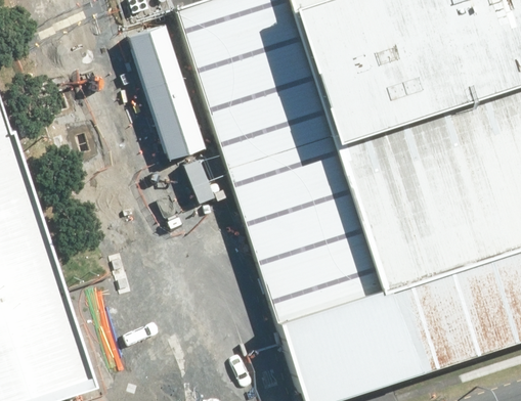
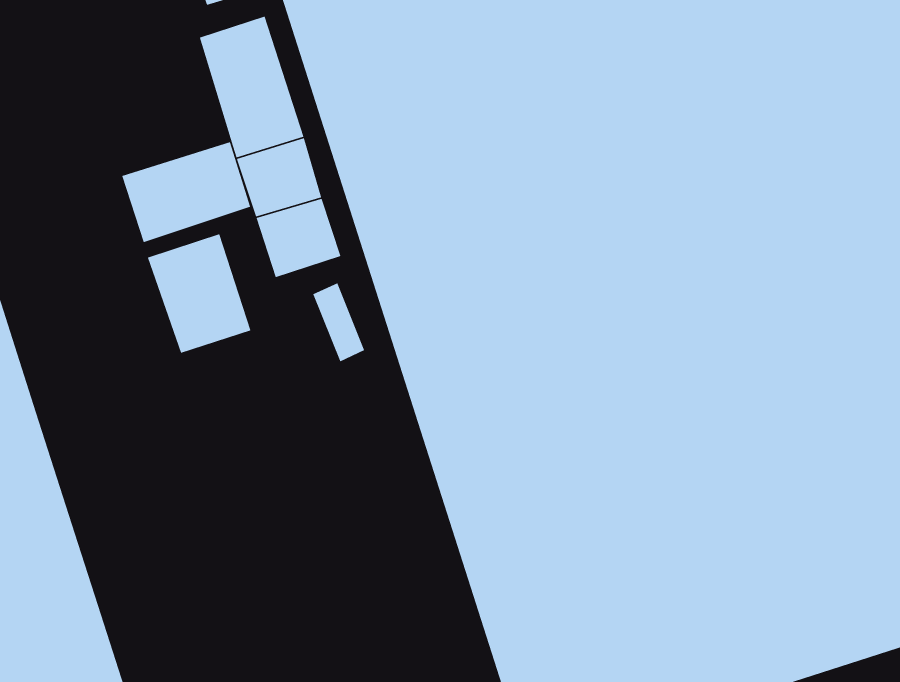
building: none -> [121,141,251,243]
building: none -> [147,233,252,354]

